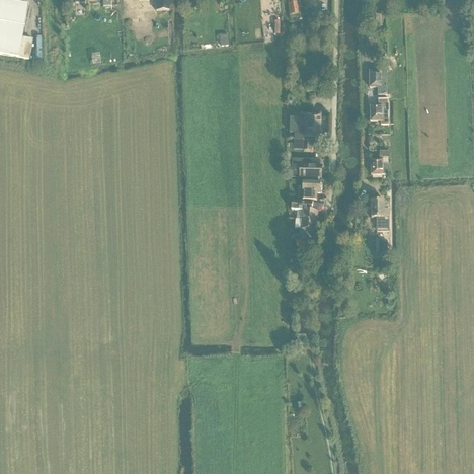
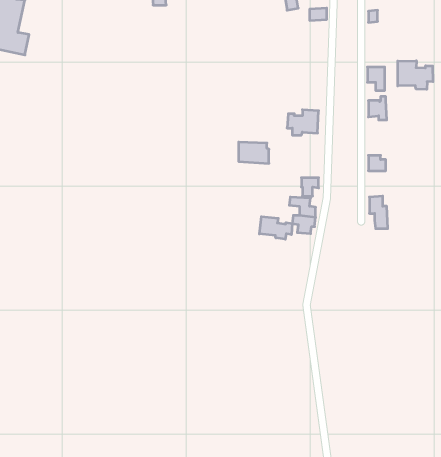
building: none -> [398,61,433,89]
building: [290,156,320,177] -> [239,142,269,163]
building: none -> [259,217,292,239]

